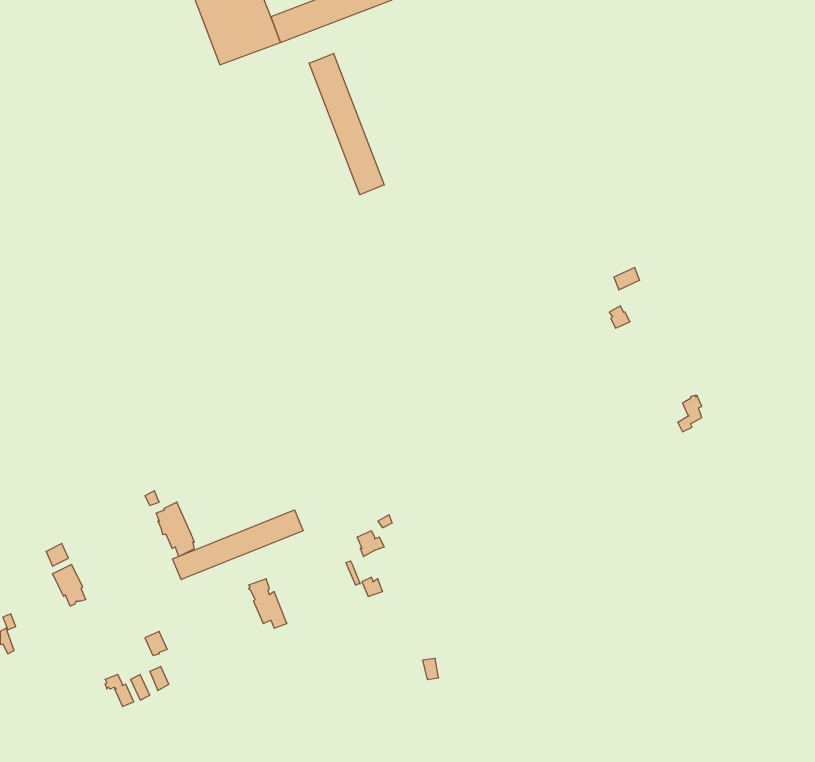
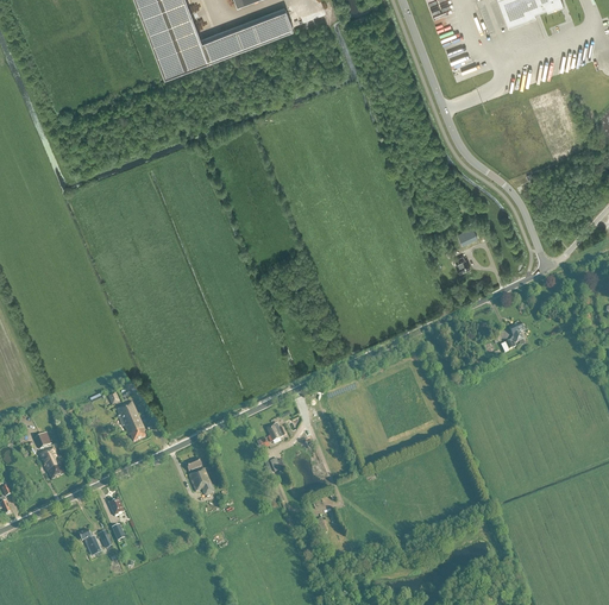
building: [309,53,384,195] -> none
building: [173,510,303,580] -> none

